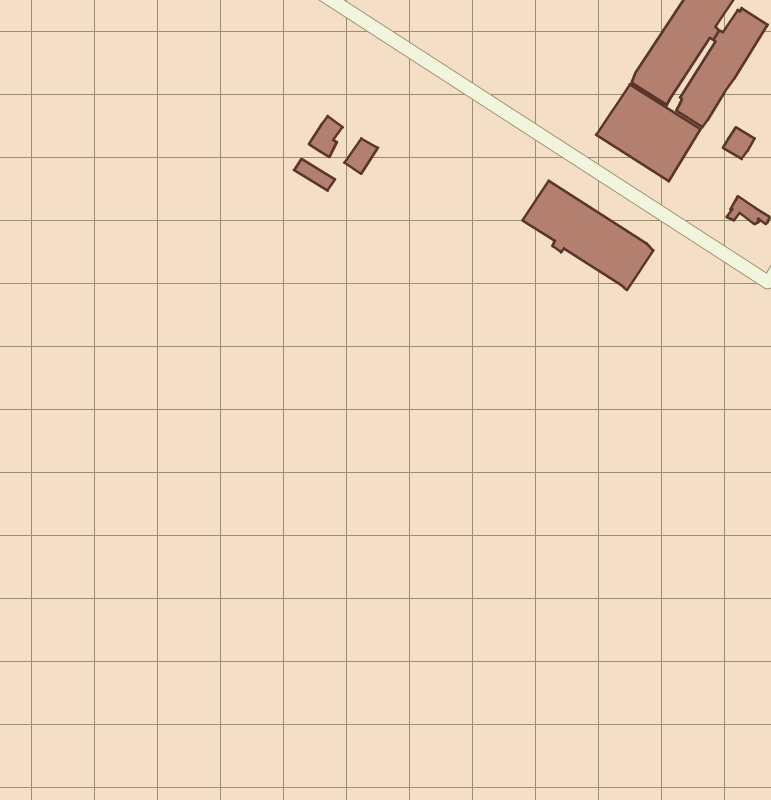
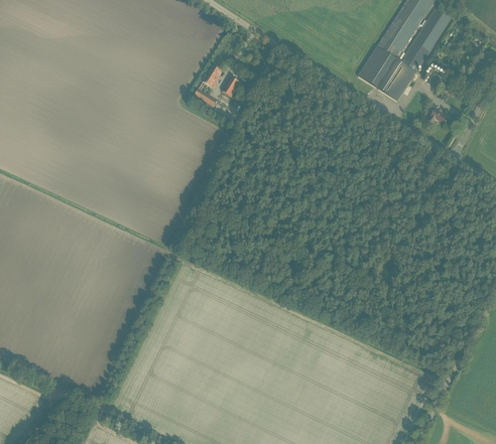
building: [523,181,653,290] -> none

